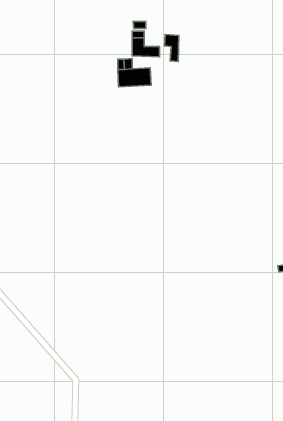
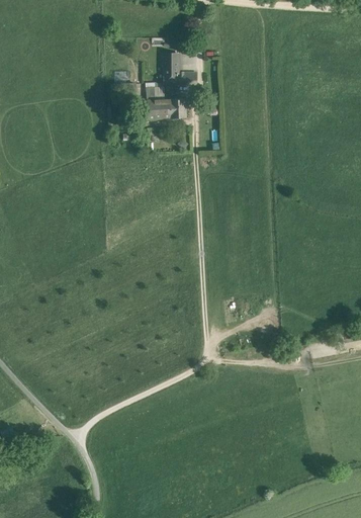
building: [165,35,179,61] -> none

